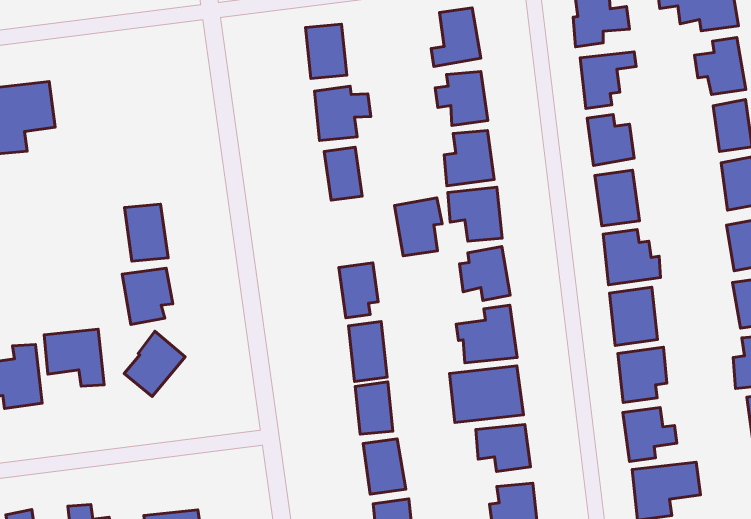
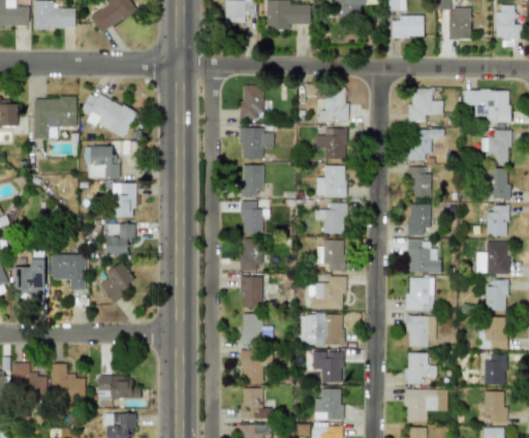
building: none -> [81,91,136,138]
building: none -> [88,147,120,179]
building: [395,198,442,256] -> [241,200,269,233]

